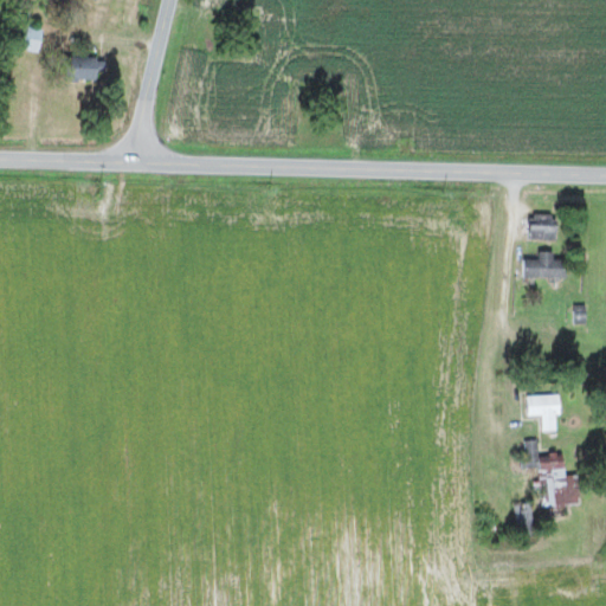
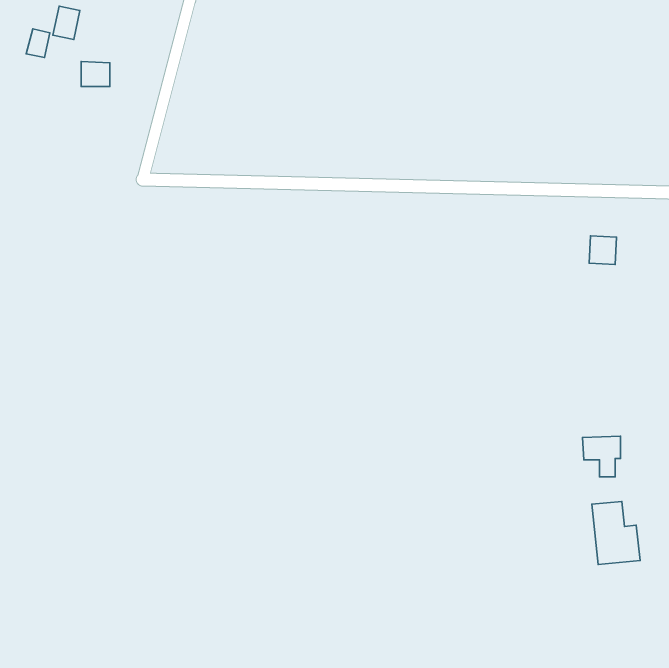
building: none -> [53,6,80,40]
building: [522,252,566,278] -> none

